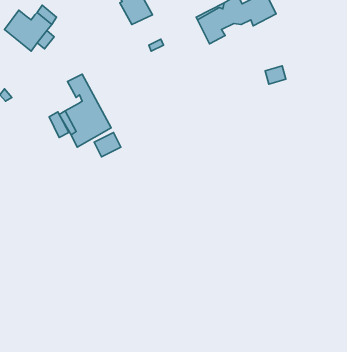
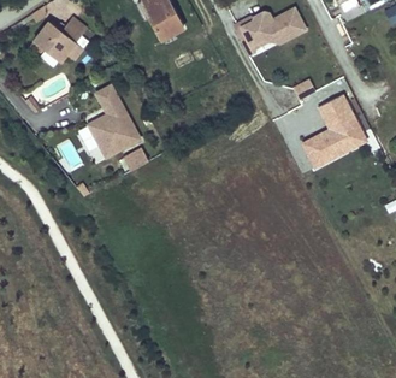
building: none -> [300,91,367,167]

